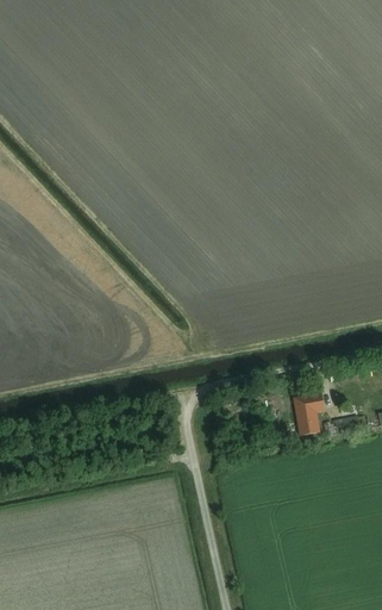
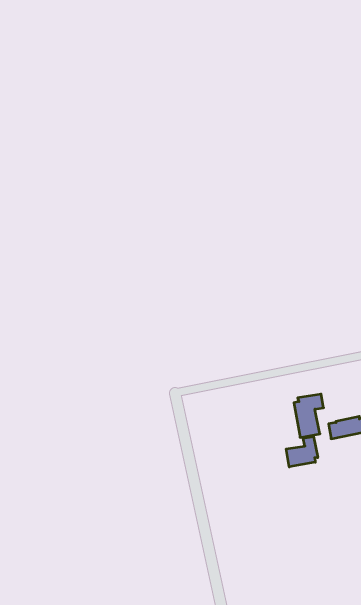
building: none -> [286,437,318,467]

